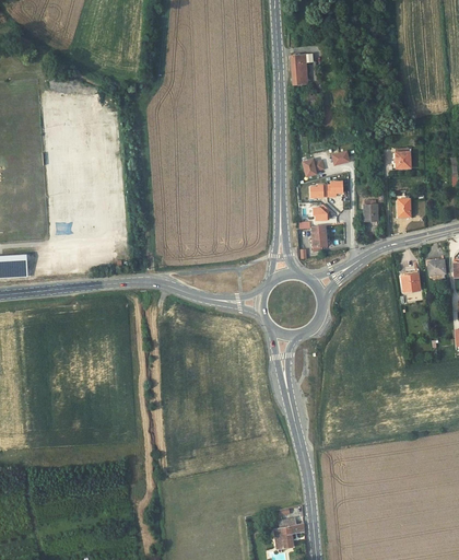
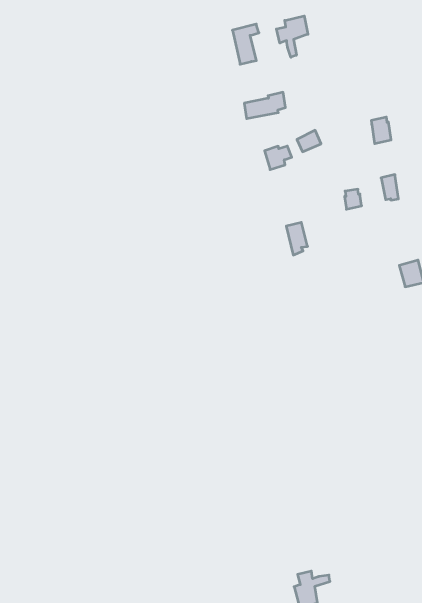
building: none -> [276,16,308,57]
building: [310,180,344,198] -> [244,92,285,119]

